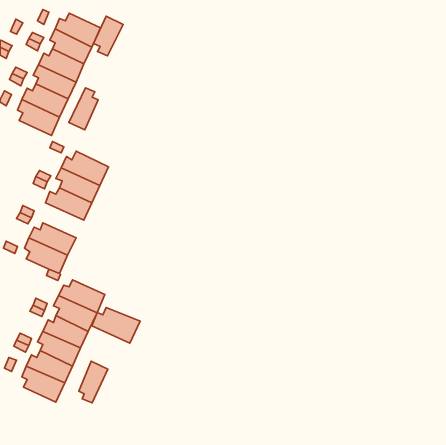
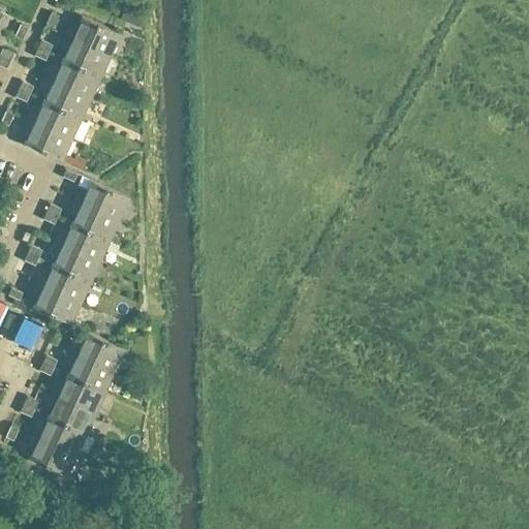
building: [94,16,123,56] -> none
building: [69,88,98,130] -> none
building: none -> [49,242,100,283]
building: [92,307,140,343] -> none
building: [79,361,108,403] -> none

